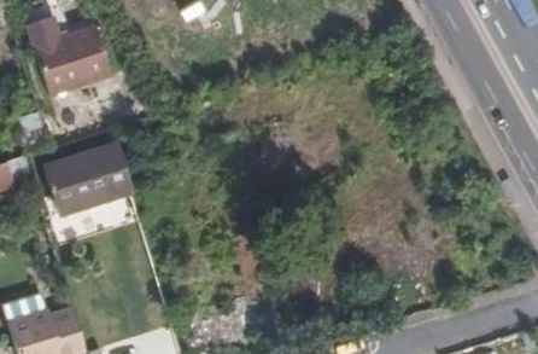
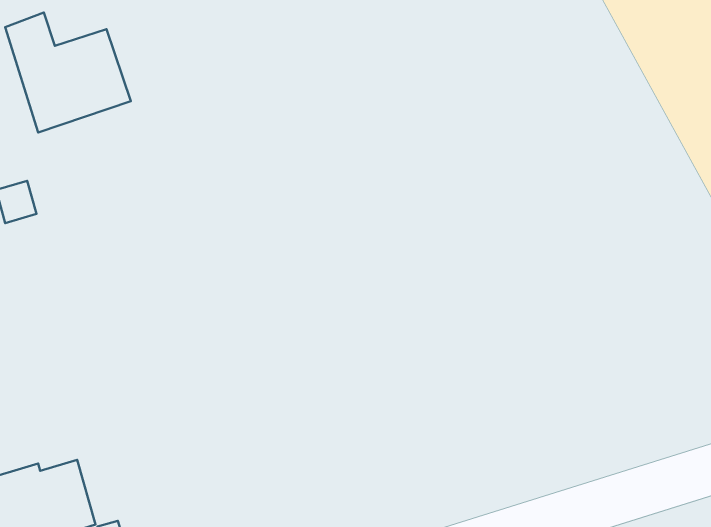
building: [47,149,131,211] -> none

